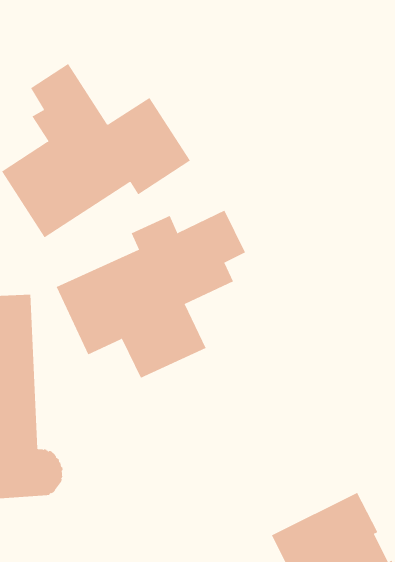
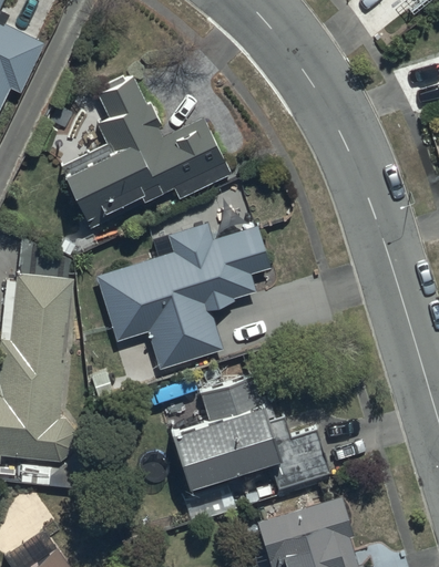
building: none -> [170,377,330,488]

